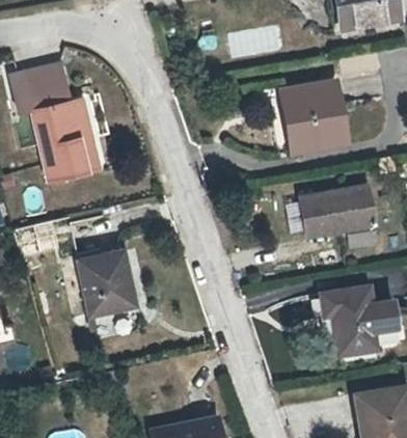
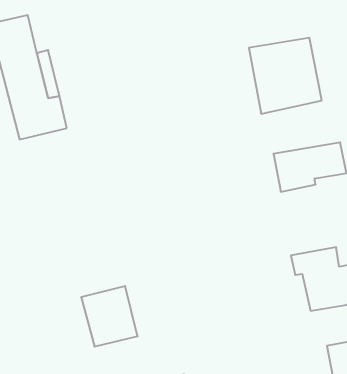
building: [81,254,138,316] -> [81,286,138,347]

